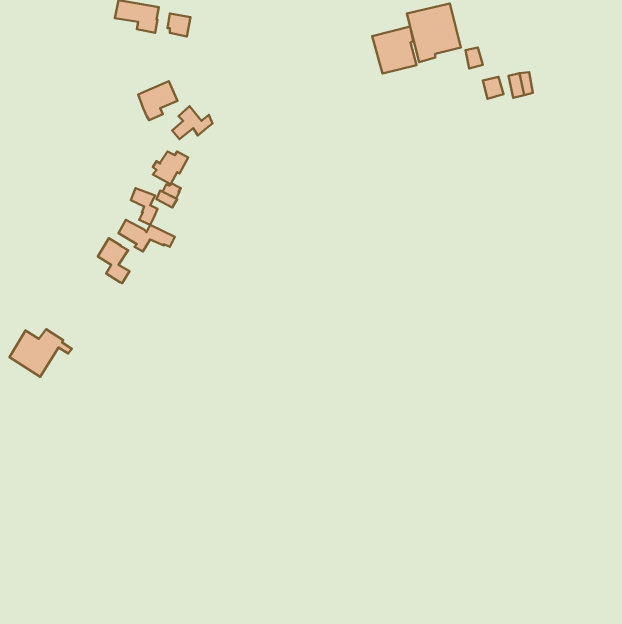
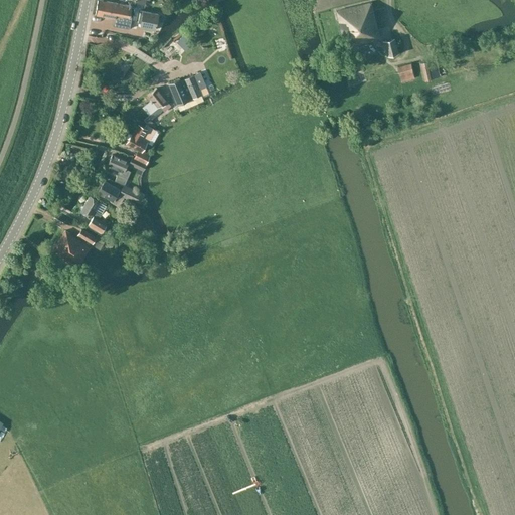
building: [372,27,417,74] -> none
building: [138,81,177,120] -> [170,72,202,105]
building: [9,329,72,377] -> [53,229,105,269]

